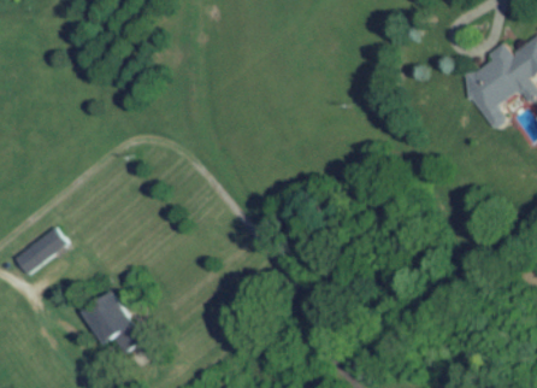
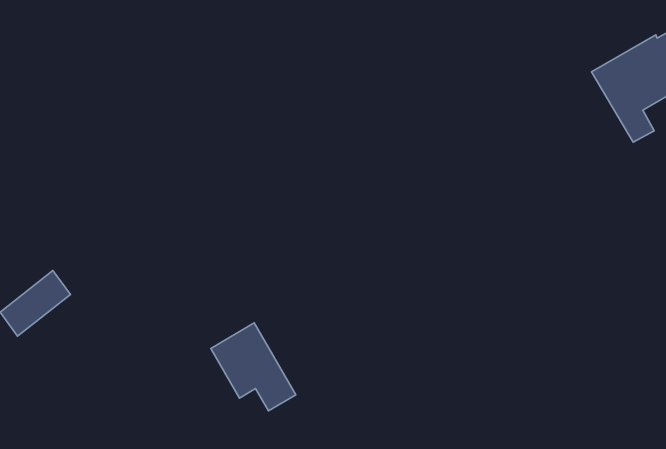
building: [81,289,144,355] -> [211,323,296,411]

